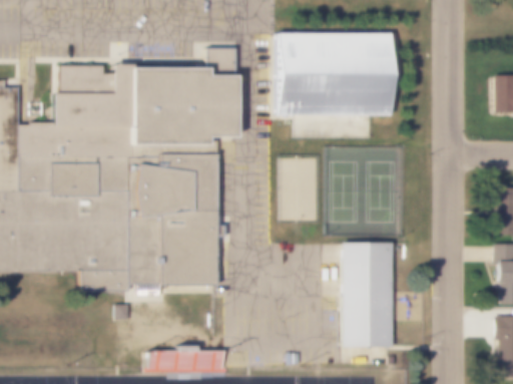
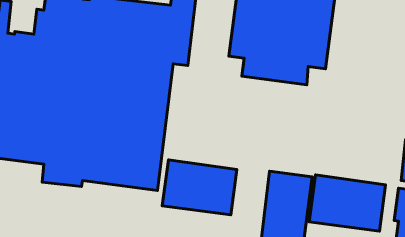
building: none -> [309,175,386,231]
building: none -> [162,160,237,215]

